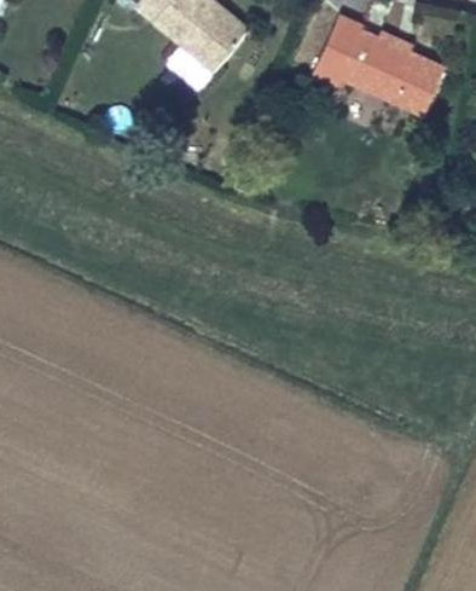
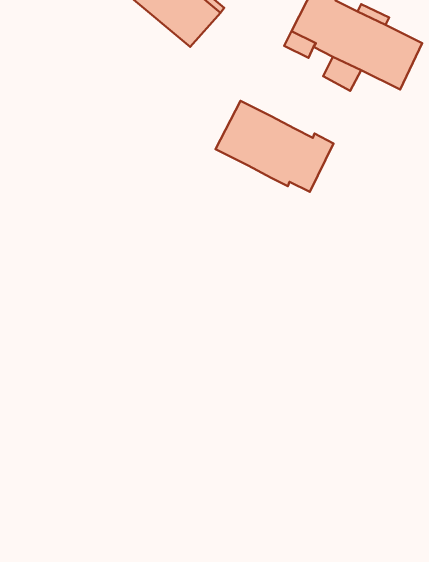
building: none -> [215,101,334,192]

